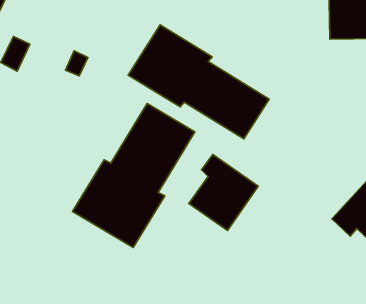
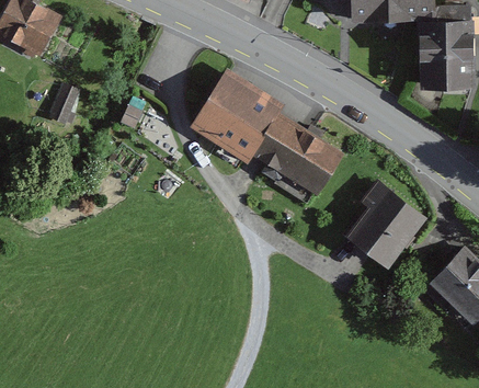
building: [73,103,195,247] -> none
building: [189,154,258,231] -> [347,180,426,266]

